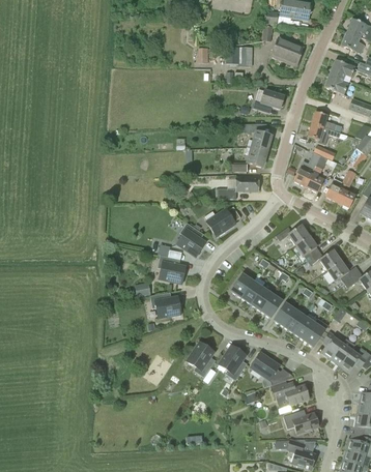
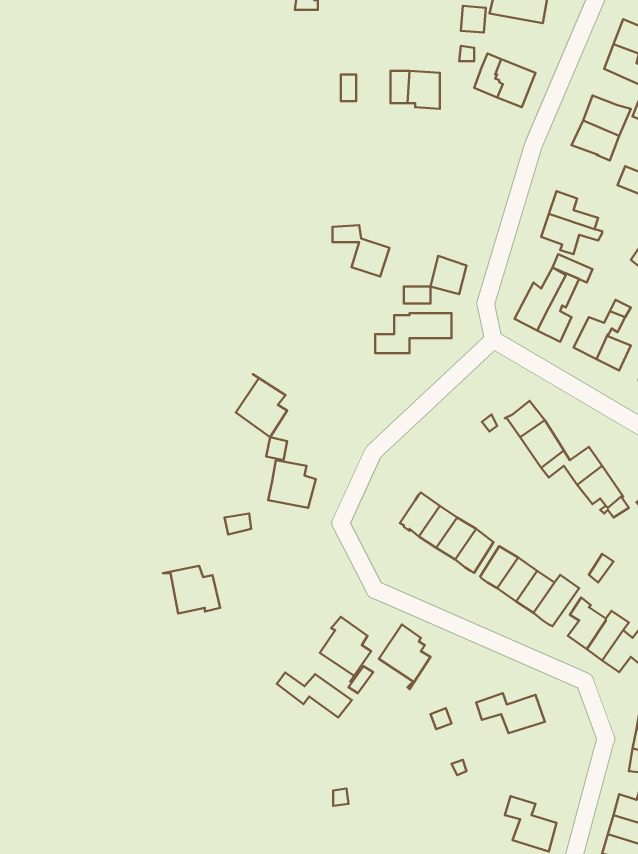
building: [252,90,284,112] -> none
building: [240,123,272,151] -> [332,225,390,277]
building: [206,209,236,236] -> none
building: [176,223,204,257] -> [236,374,287,437]
building: [149,292,180,318] -> [163,566,220,613]
building: [251,353,293,383] -> none
building: none -> [277,673,352,718]
building: [283,411,318,434] -> none

